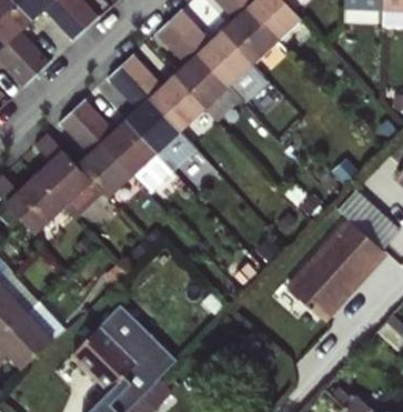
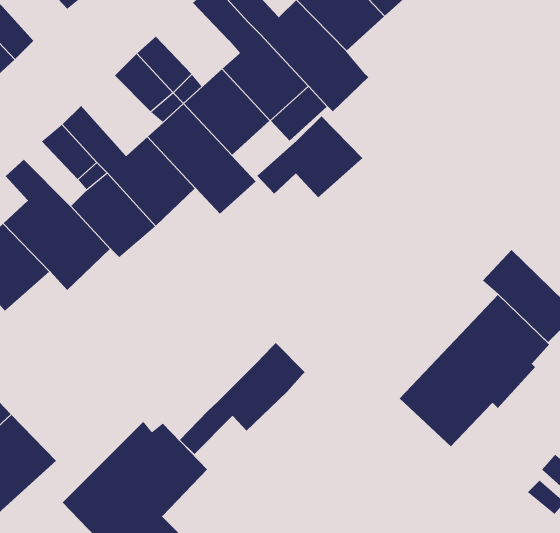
building: none -> [257,115,363,198]
building: none -> [179,342,306,455]

